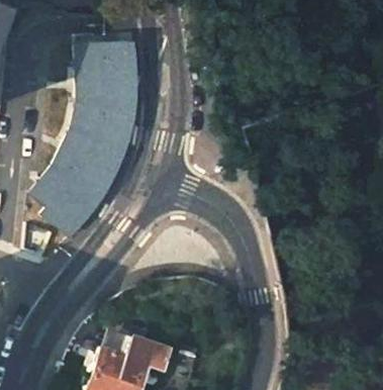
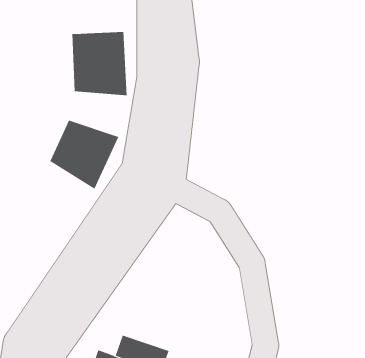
building: [80,103,136,147] -> none
building: [39,170,105,235] -> none

